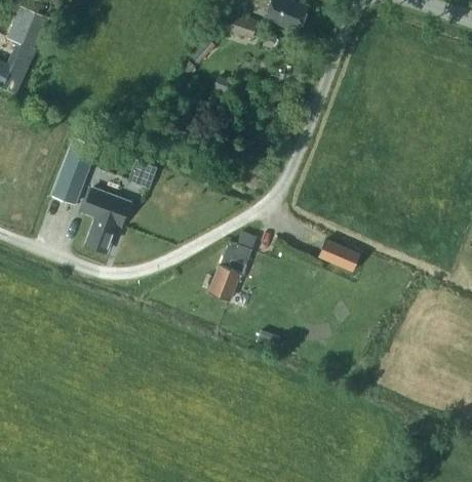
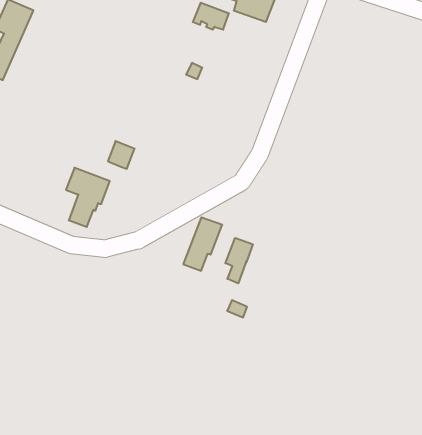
building: [52,135,99,204] -> none
building: [318,239,359,271] -> none
building: none -> [225,238,253,283]

